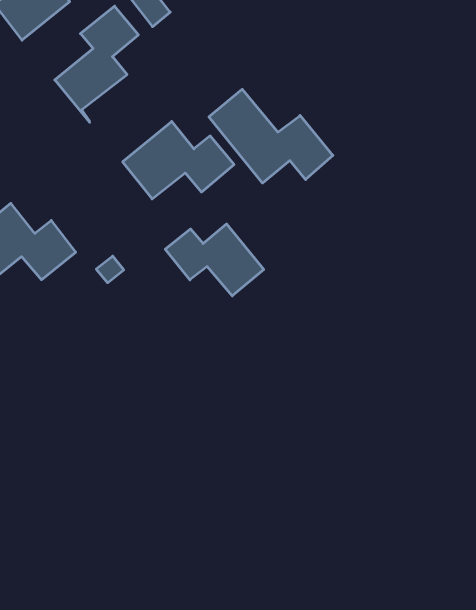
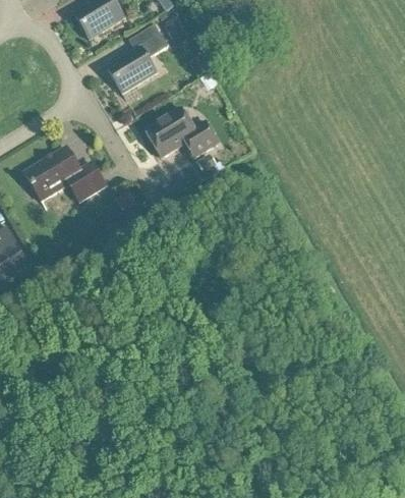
building: [209,89,333,183] -> none
building: [165,224,264,296] -> none

